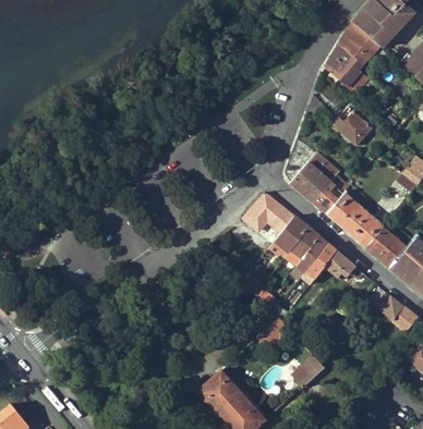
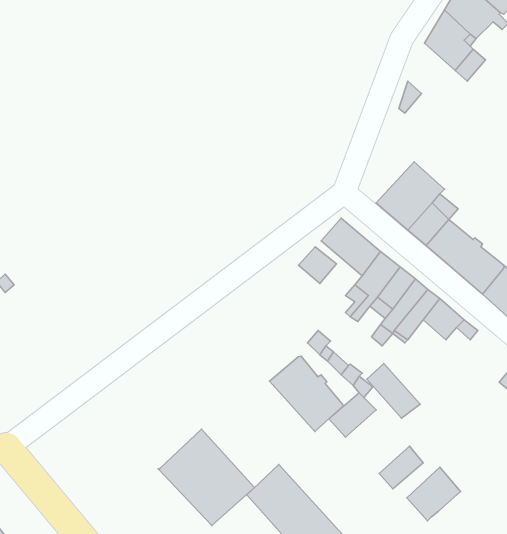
building: [331,110,372,144] -> none
building: none -> [270,356,343,432]
building: none -> [367,363,420,418]
building: none -> [158,429,255,525]
building: none -> [407,467,461,521]

